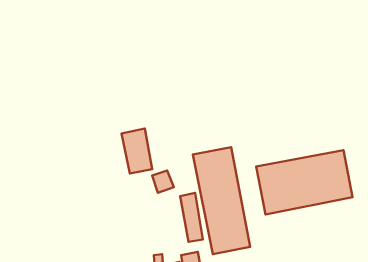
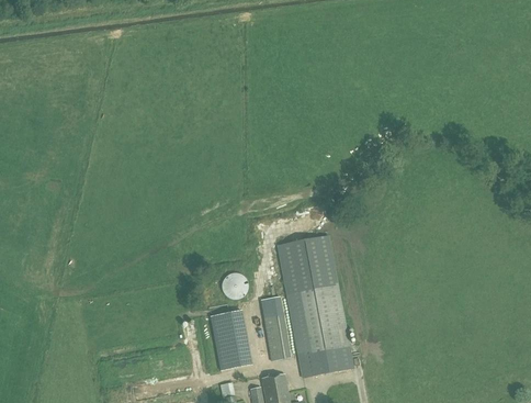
building: [121,129,152,173] -> [212,306,252,366]
building: [256,150,352,215] -> none

